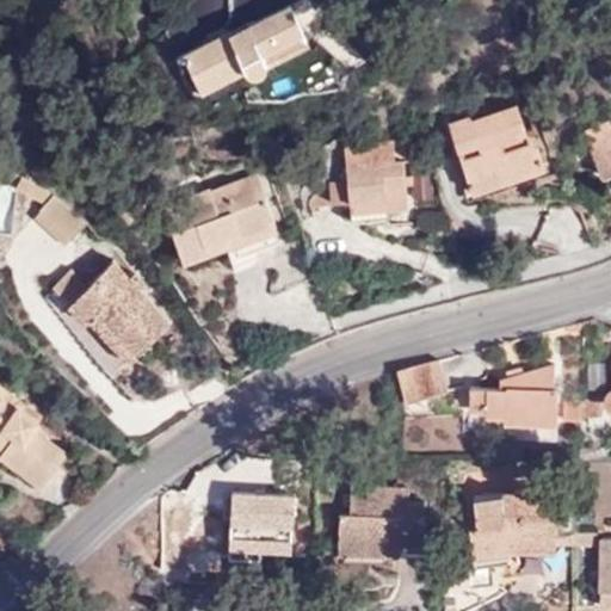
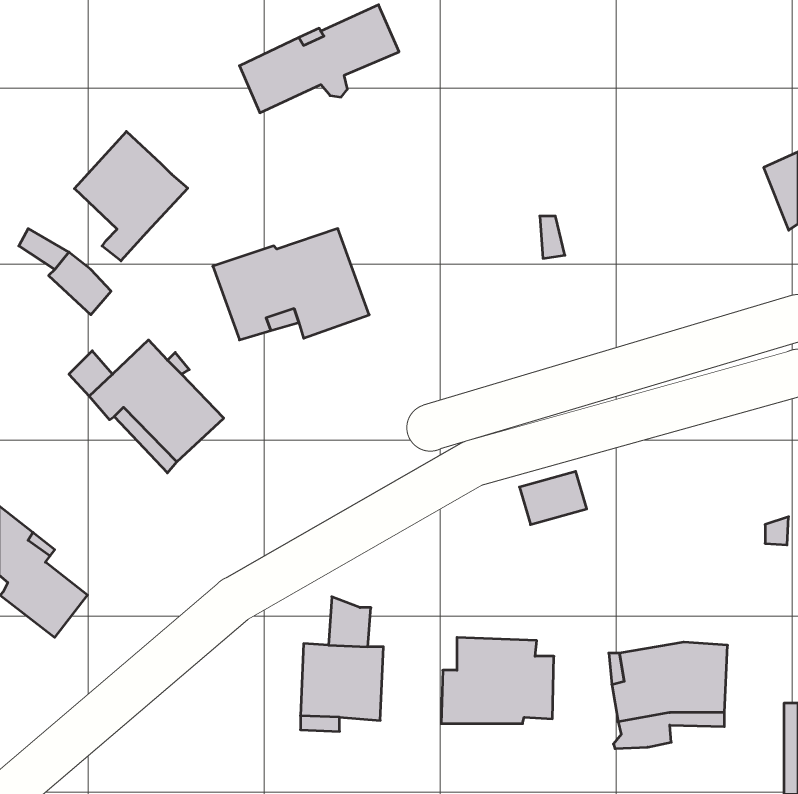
building: none -> [74,131,188,261]
building: [446,110,544,195] -> none
building: [329,146,408,224] -> none
building: [469,366,556,424] -> none

